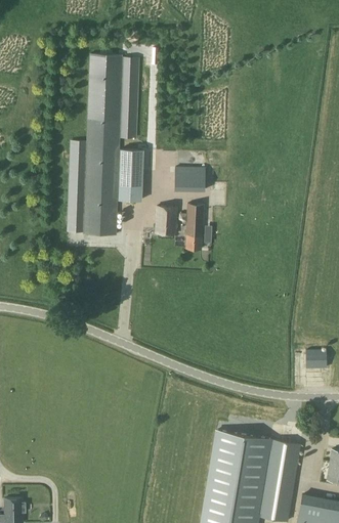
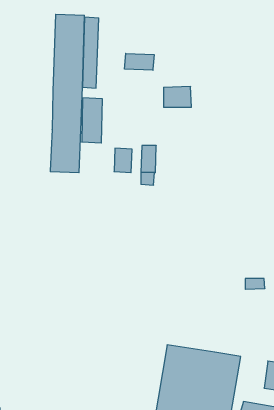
building: none -> [125,53,154,70]
building: [68,141,86,232] -> none
building: [174,167,206,190] -> [164,87,191,107]

